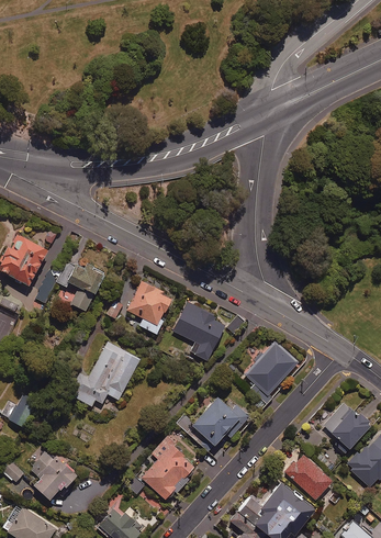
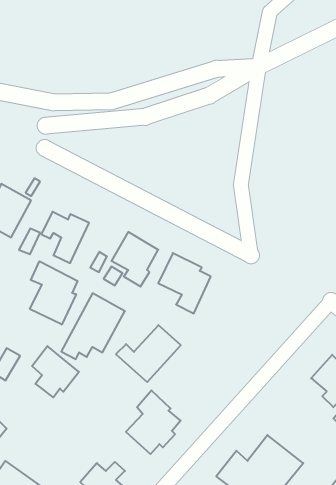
building: none -> [30,261,78,325]
building: [244,341,298,396] -> none
building: [176,396,239,452] -> [116,325,181,382]
building: [30,449,76,500] -> [32,346,79,397]
building: [285,453,333,500] -> none

